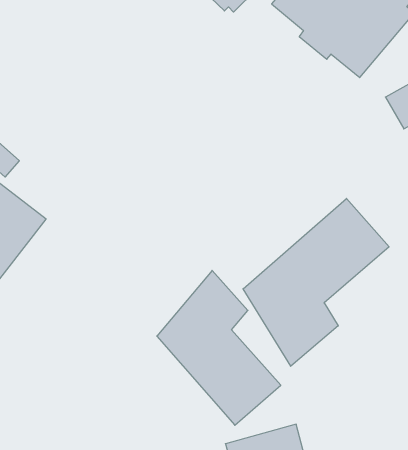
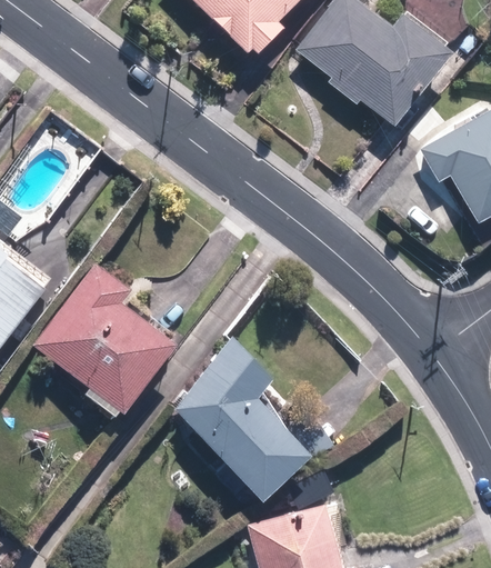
building: [243,198,389,366] -> none
building: none -> [34,265,177,417]

